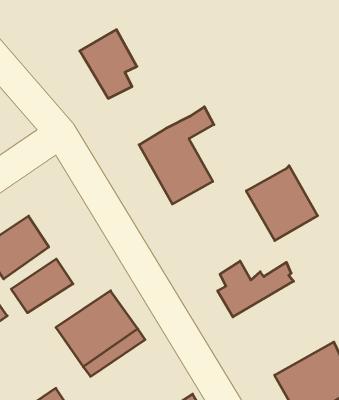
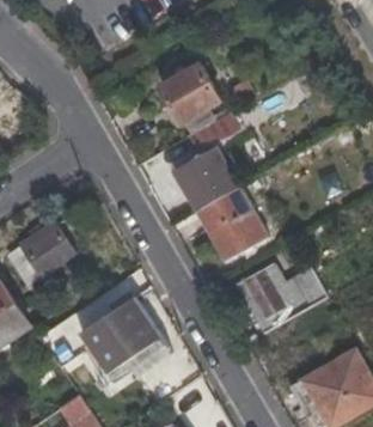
building: [80,30,137,98] -> [160,63,218,133]
building: [246,166,318,241] -> [195,184,267,260]
building: [11,259,73,313] -> none

